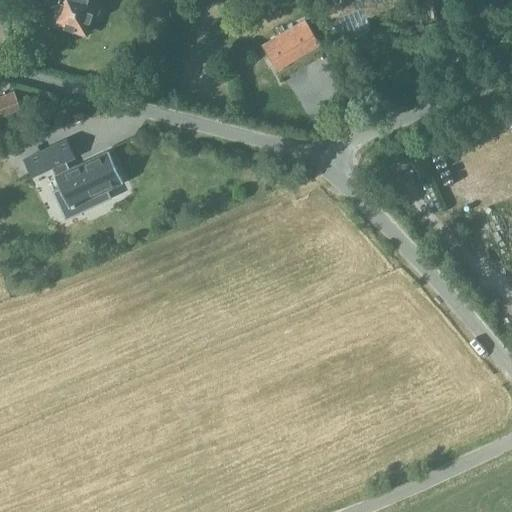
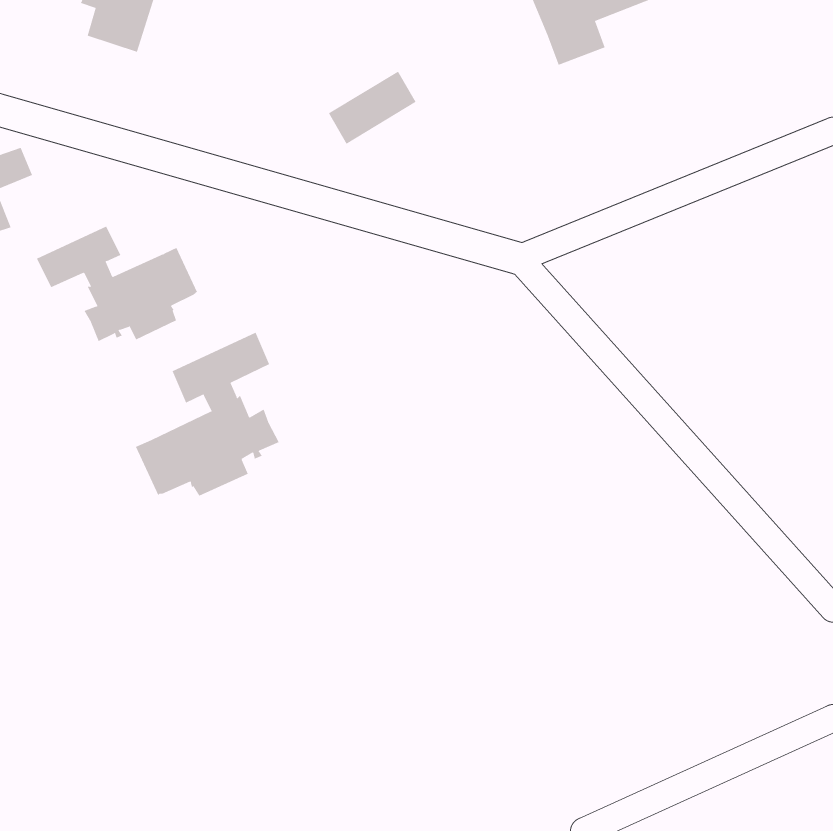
building: [264,25,318,70] -> [328,71,416,144]
building: none -> [135,332,279,496]

